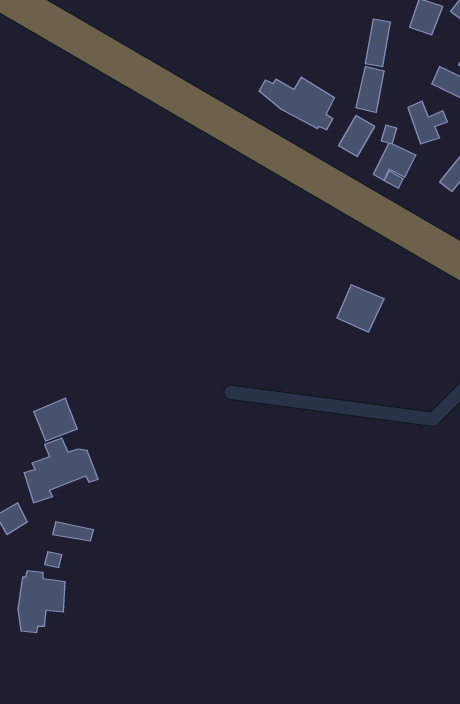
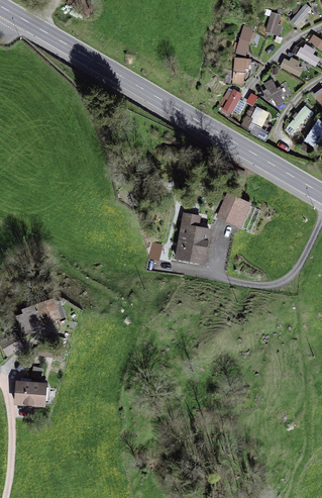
building: [259,77,334,130] -> none
building: none -> [176,214,209,263]
building: [34,398,77,441] -> none

